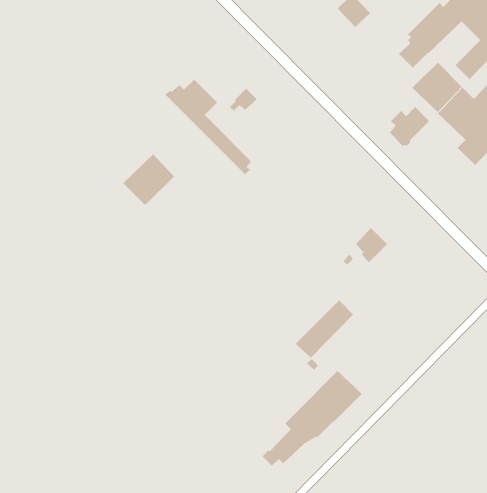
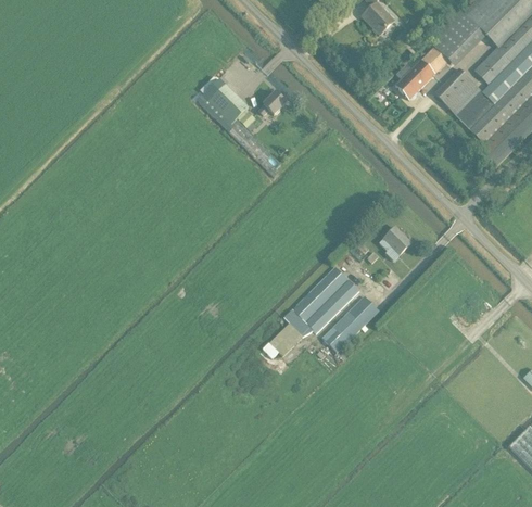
building: [389,106,430,147] -> [396,59,435,98]
building: [123,154,175,206] -> none
building: [262,370,363,466] -> [263,265,359,357]

